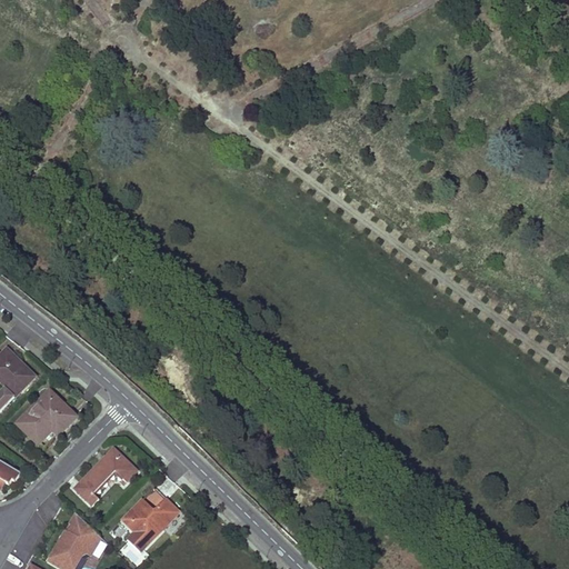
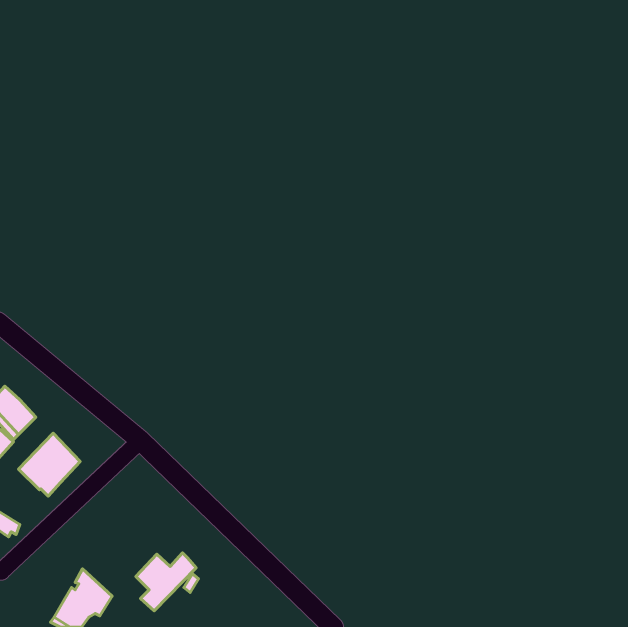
building: [74,448,134,505] -> none

